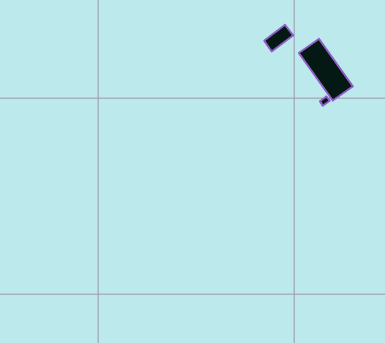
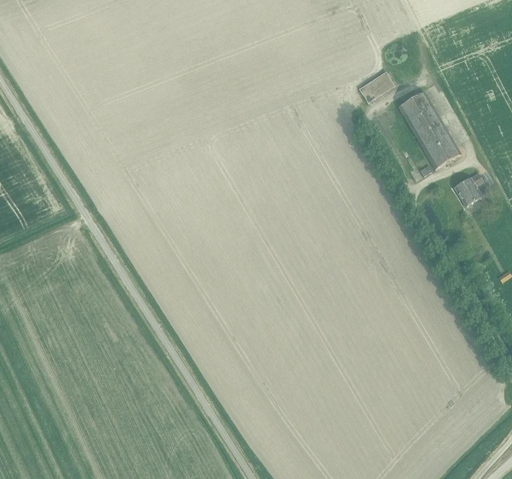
building: none -> [453,172,483,207]

